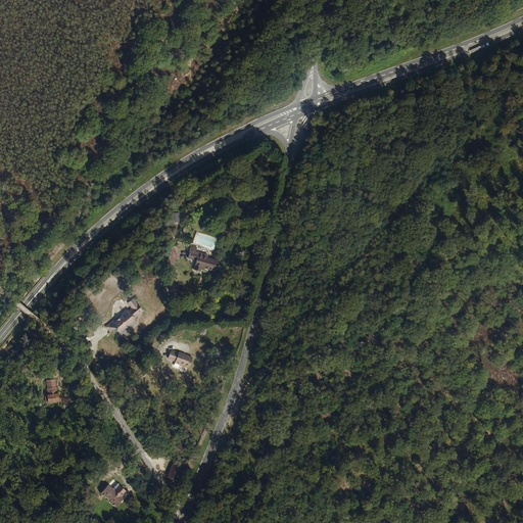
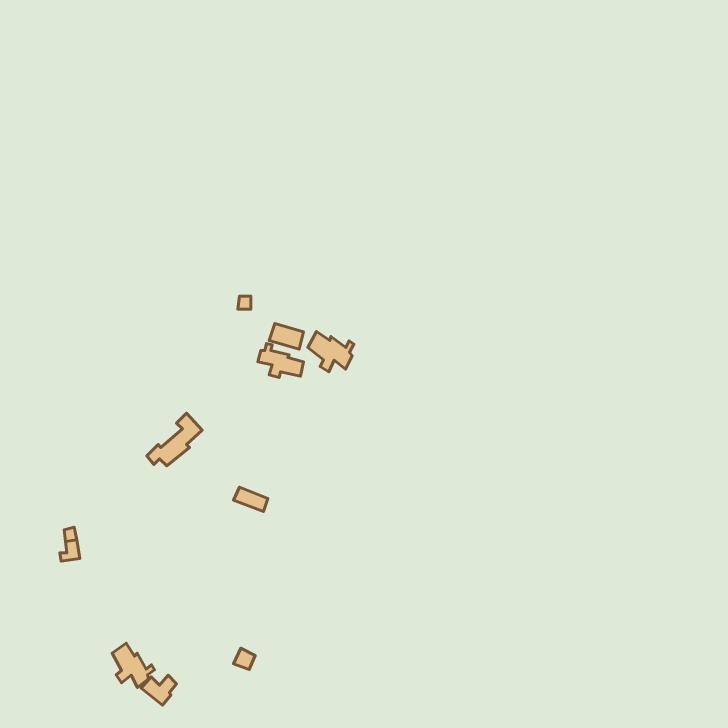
building: none -> [308,332,354,372]
building: none -> [112,643,154,688]

